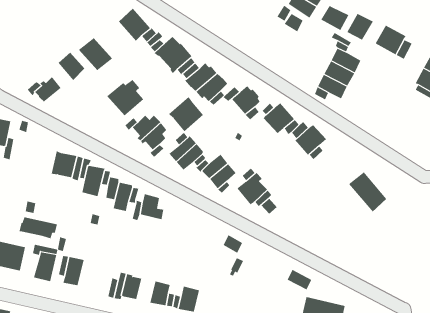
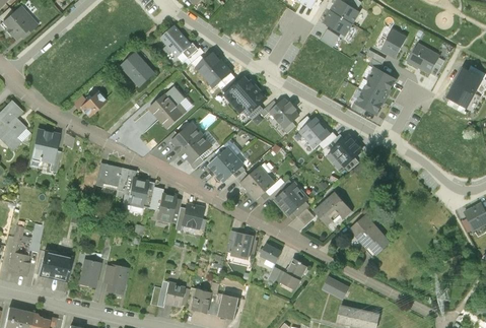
building: [321,5,349,31] -> none
building: [58,52,85,81] -> none
building: [168,96,204,132] -> none
building: [348,172,387,213] -> [351,218,389,258]
building: none -> [316,191,352,225]
building: [19,216,57,239] -> none
building: none -> [228,232,255,259]
building: none -> [282,259,307,290]

